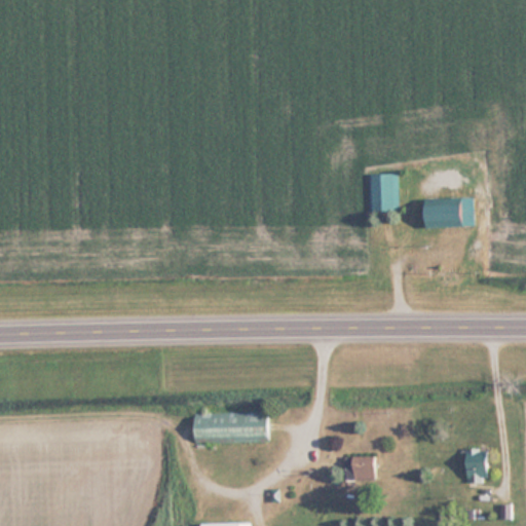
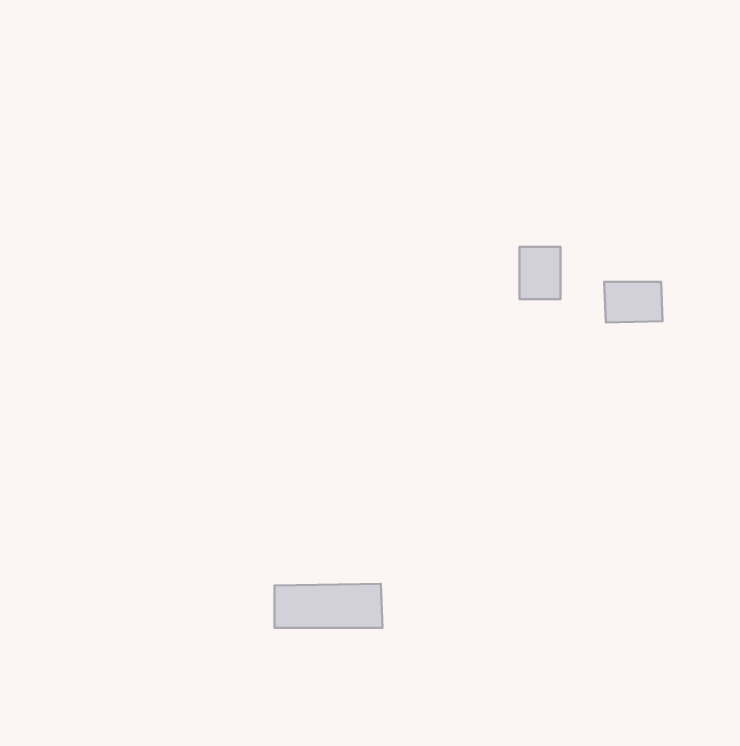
building: [466,453,487,480] -> none
building: [345,456,375,479] -> none

